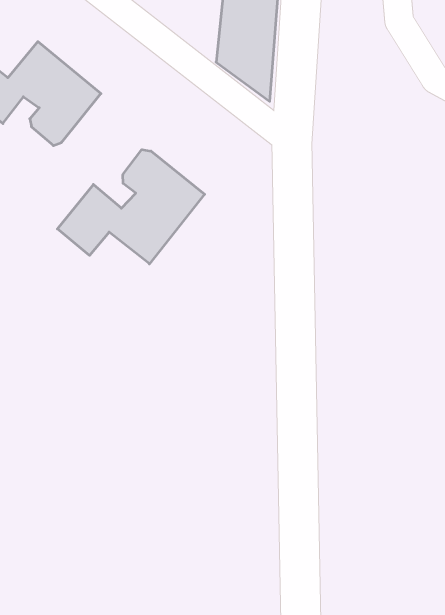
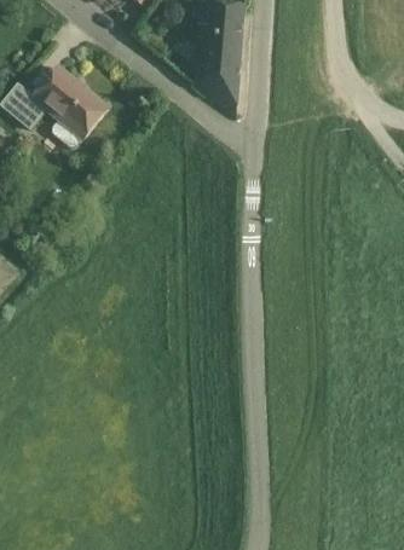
building: [57,150,205,264] -> none

